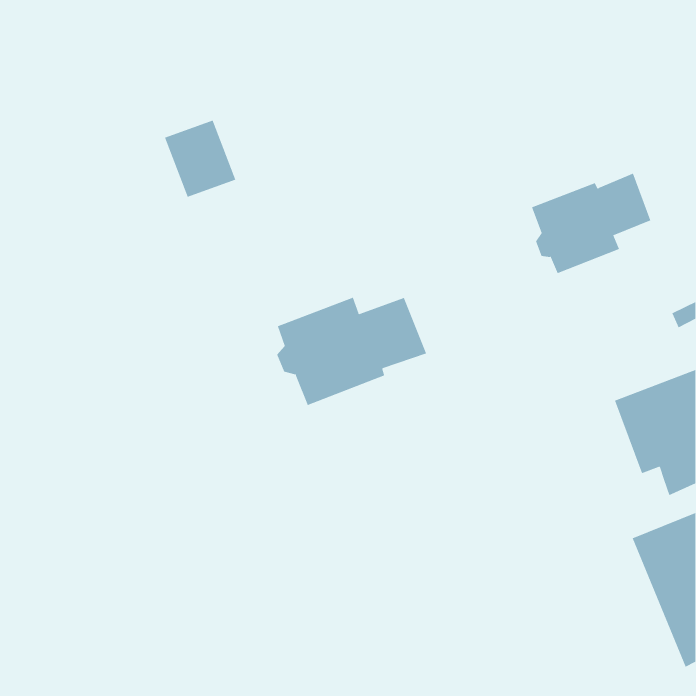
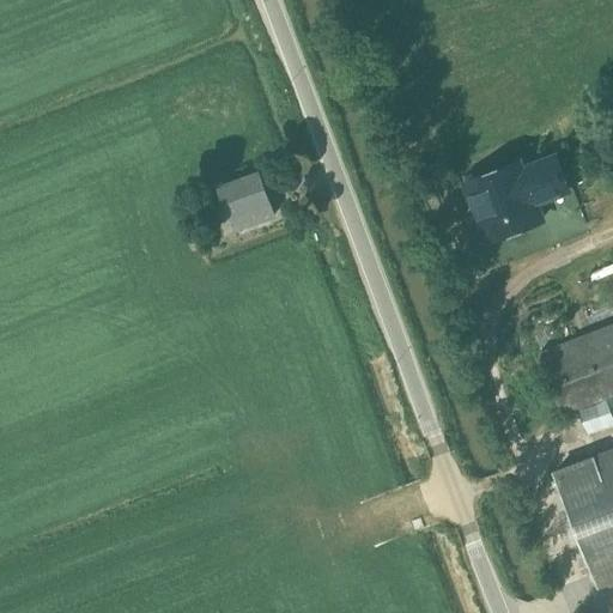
building: [164,120,236,197] -> [214,168,278,236]
building: [277,297,427,406] -> none

